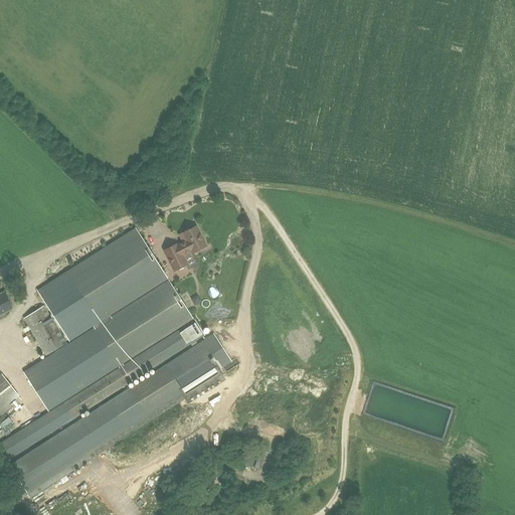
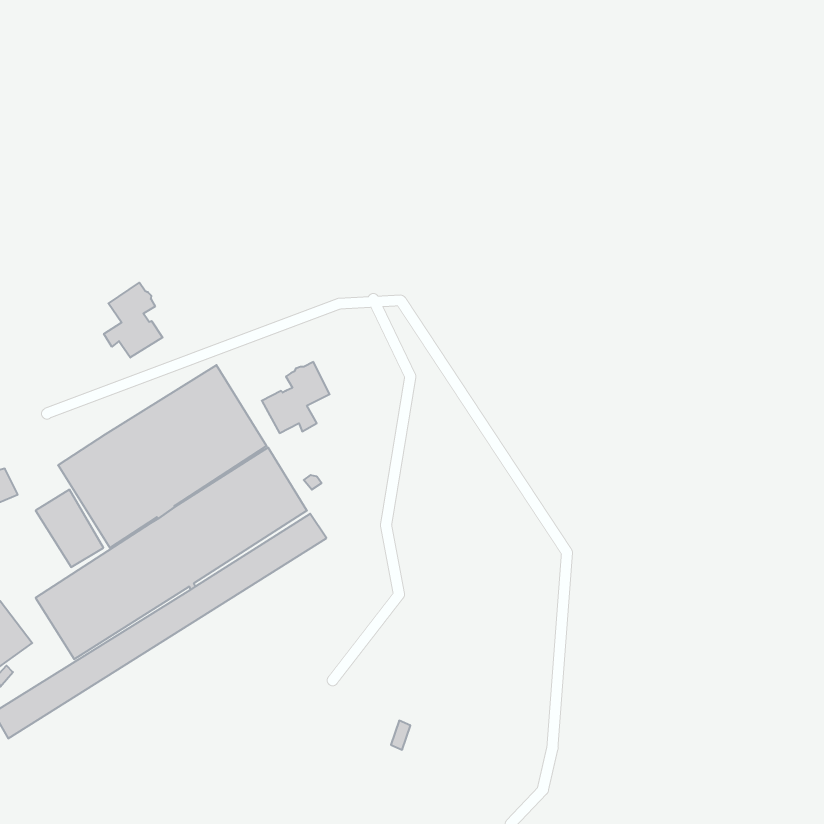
building: none -> [104,283,163,358]
building: [7,334,232,498] -> none

